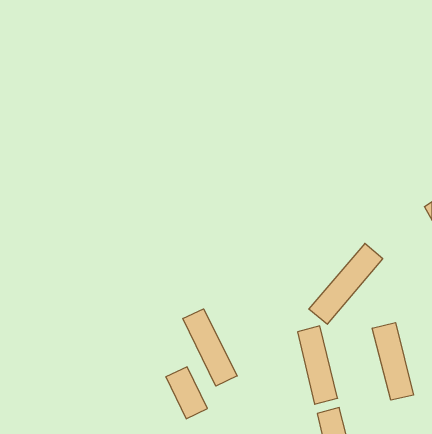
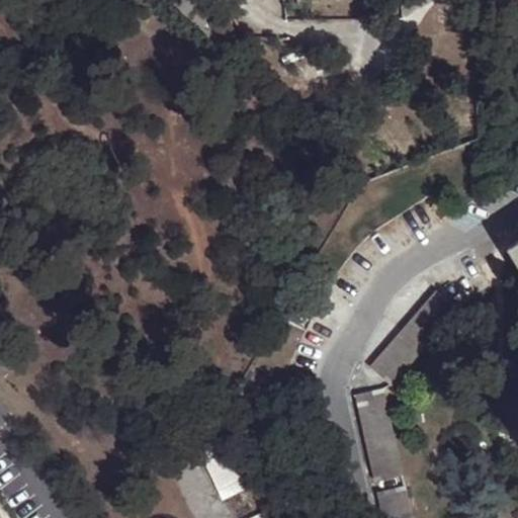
building: [183,309,237,386] -> none
building: [372,323,413,400] -> none

